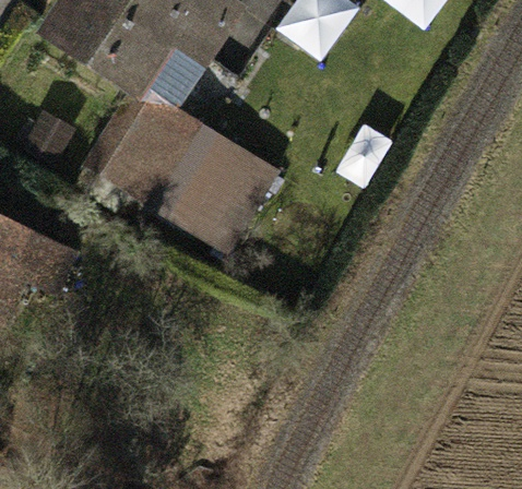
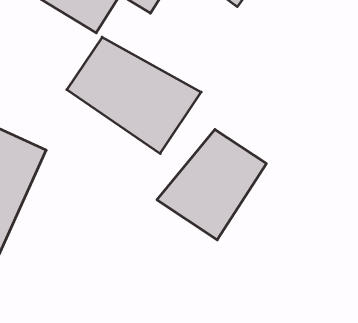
building: none -> [157,129,266,240]

